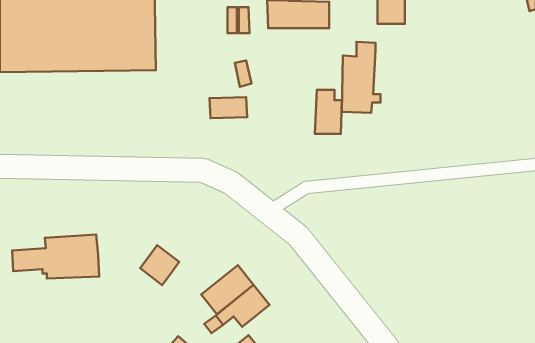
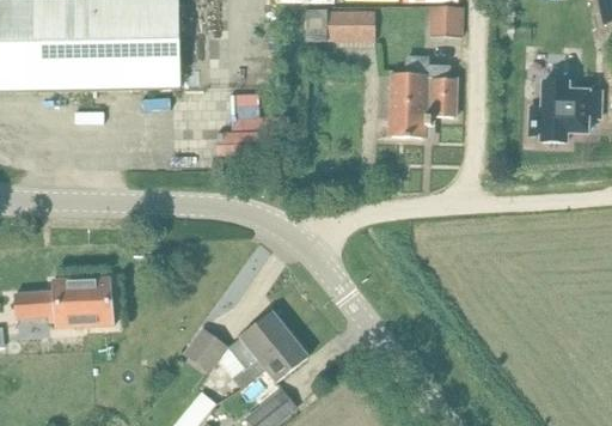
building: none -> [528,81,601,142]
building: [315,90,342,134] -> [426,66,457,116]
building: [140,245,179,285] -> [183,328,227,373]

